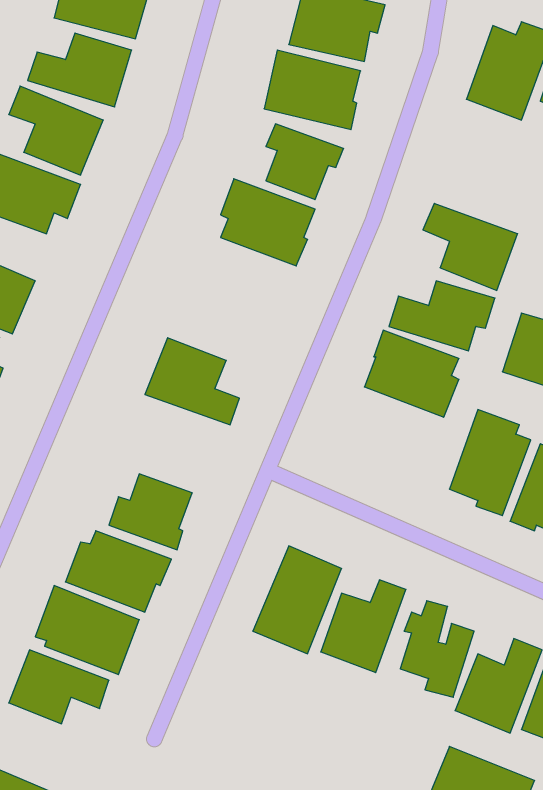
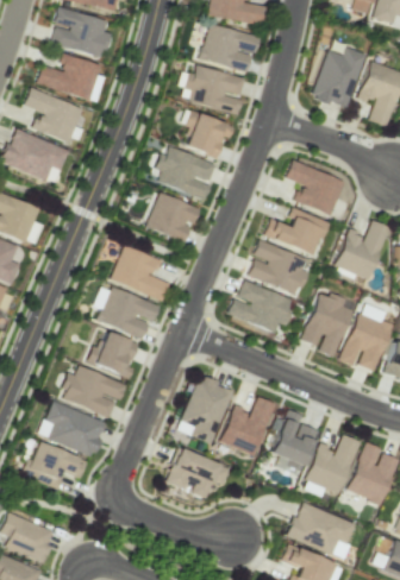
building: none -> [146,193,200,241]
building: none -> [227,280,294,334]
building: none -> [95,286,160,338]
building: none -> [165,447,230,498]

